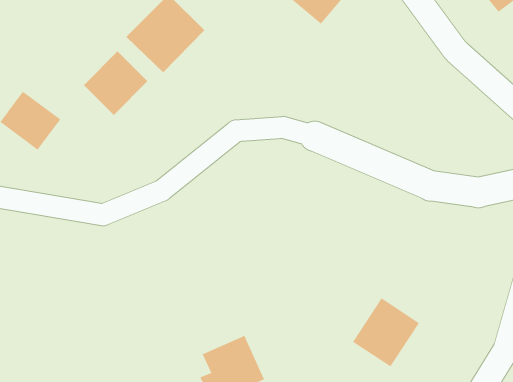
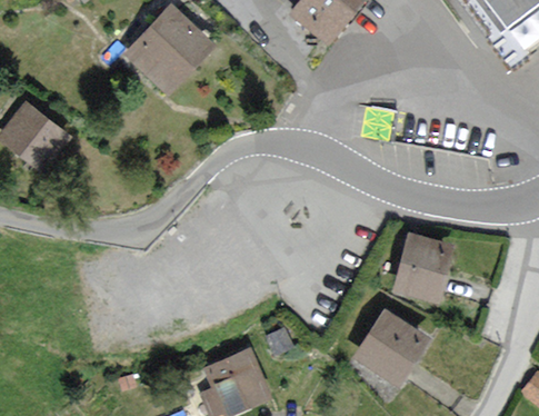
building: [83,51,148,116] -> none
building: none -> [393,235,450,301]

